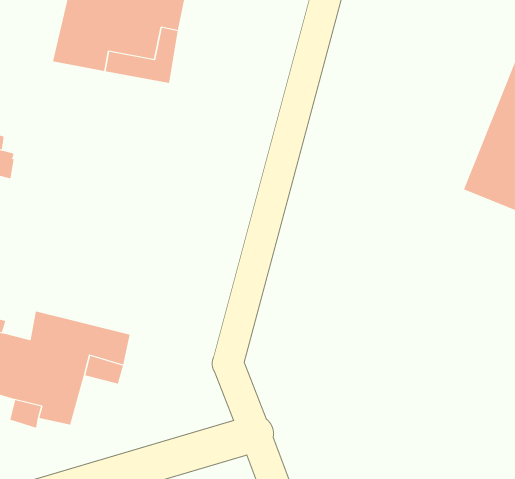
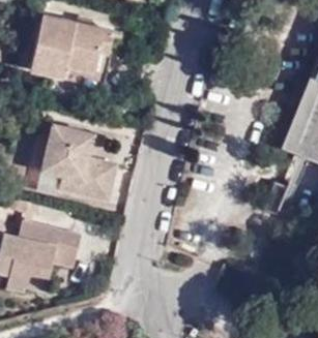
building: none -> [42,124,116,199]

